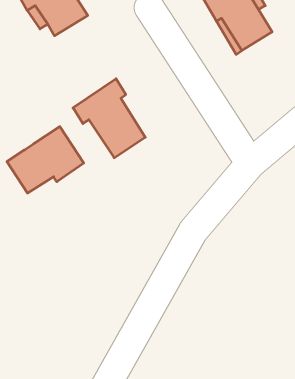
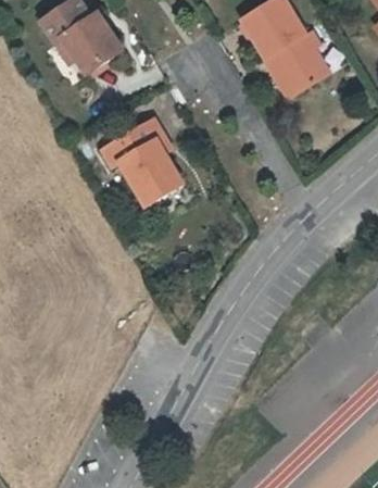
building: [7,127,84,193] -> none

